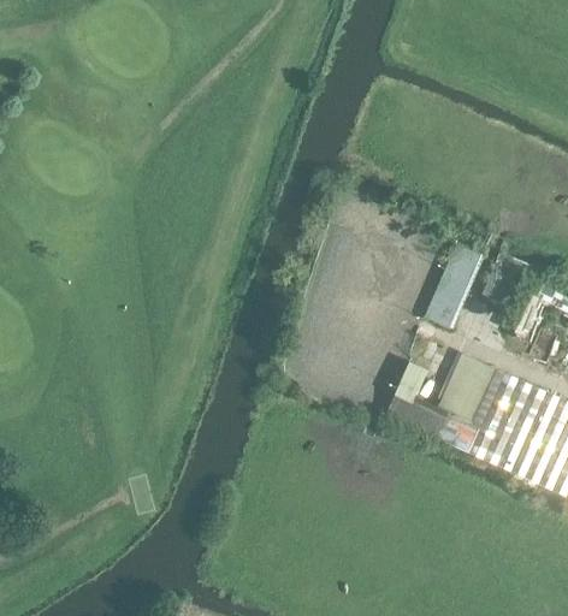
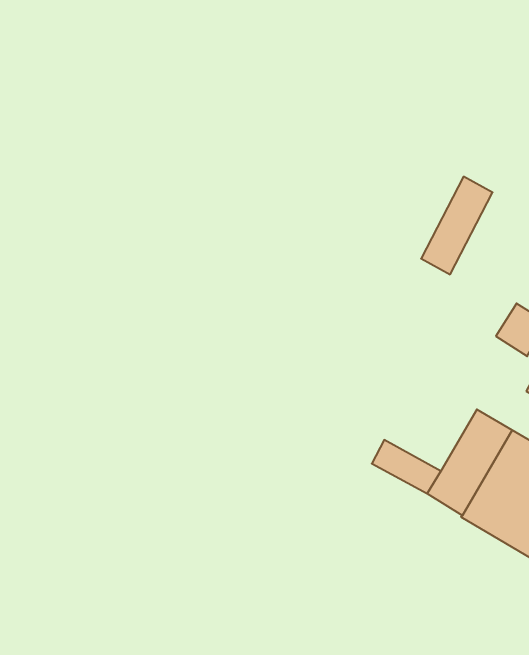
building: [426,239,481,325] -> [421,177,493,274]

